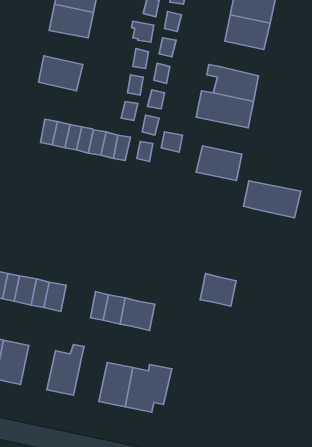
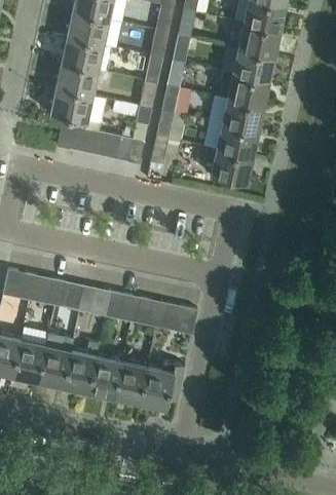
building: none -> [61,38,104,71]
building: none -> [231,48,274,82]
building: none -> [49,88,92,122]
building: [244,181,301,218] -> [203,122,259,158]
building: [200,273,236,306] -> [163,304,198,336]
building: none -> [77,285,111,317]
building: none -> [38,338,74,387]
building: none -> [89,354,122,398]

